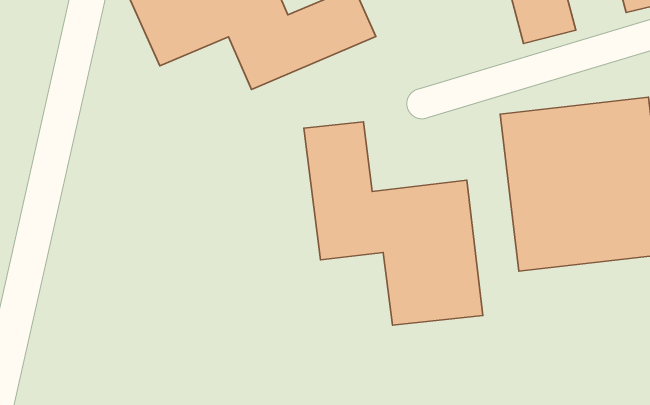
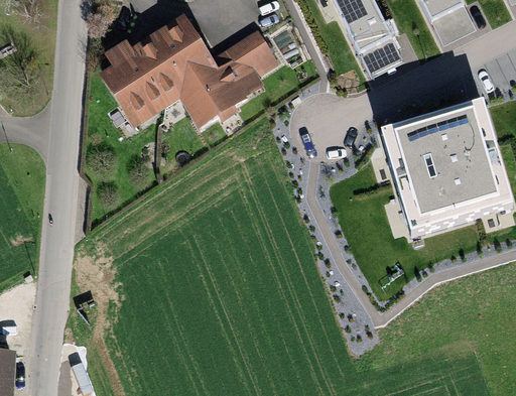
building: [304,122,483,325] -> none

